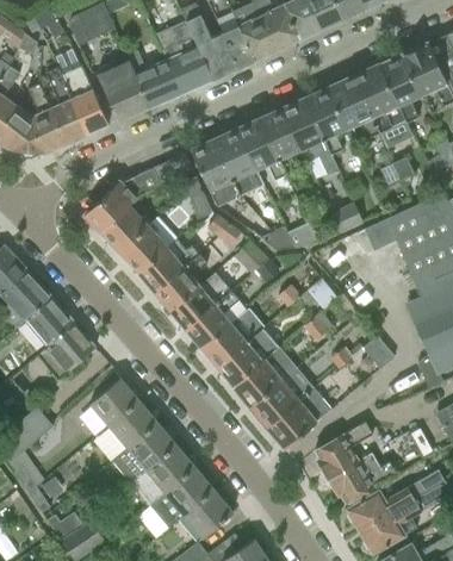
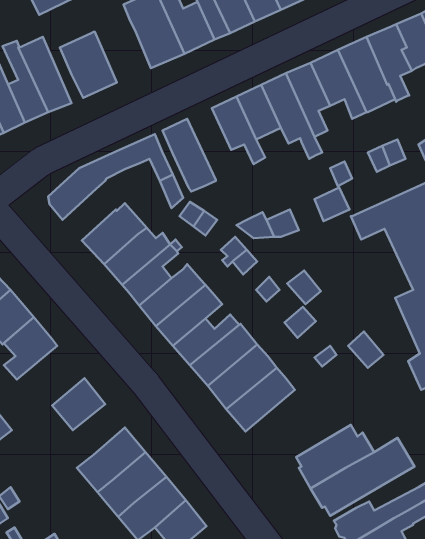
building: [129,51,181,106] -> none
building: [215,130,265,197] -> none
building: [100,204,149,251] -> none
building: [268,388,331,448] -> none
building: [110,401,157,448] -> none

